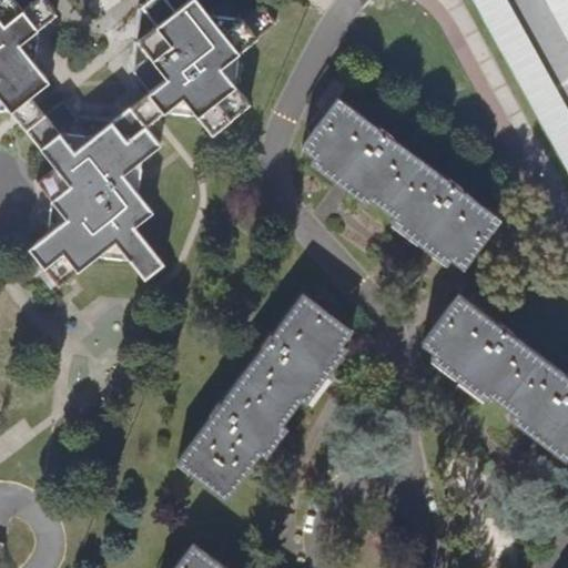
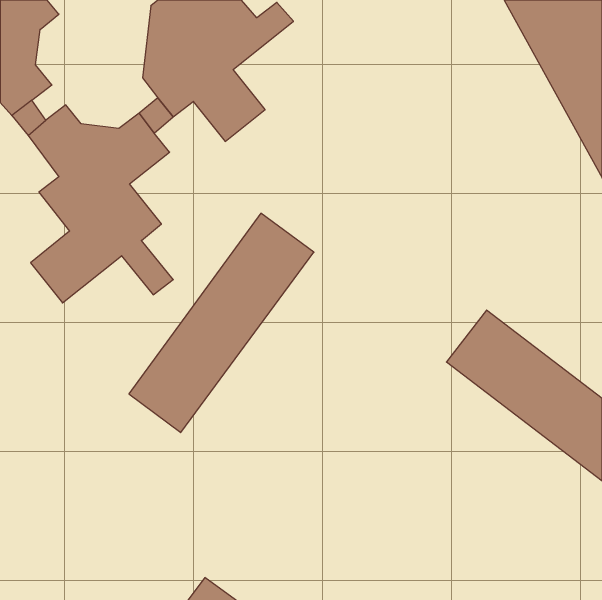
building: [301,99,500,270] -> none
building: [178,294,352,500] -> [129,213,314,433]

